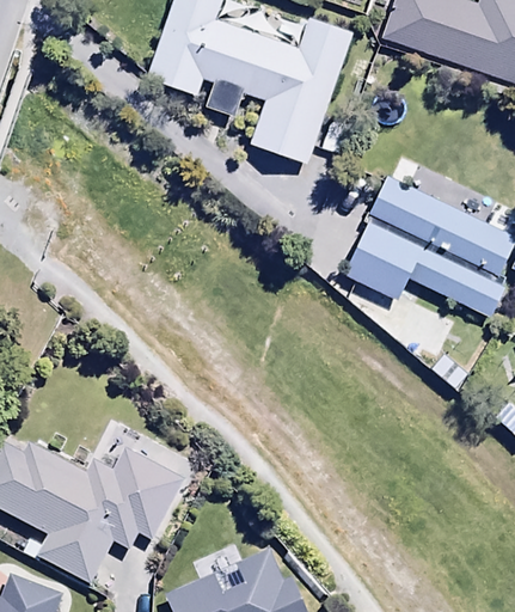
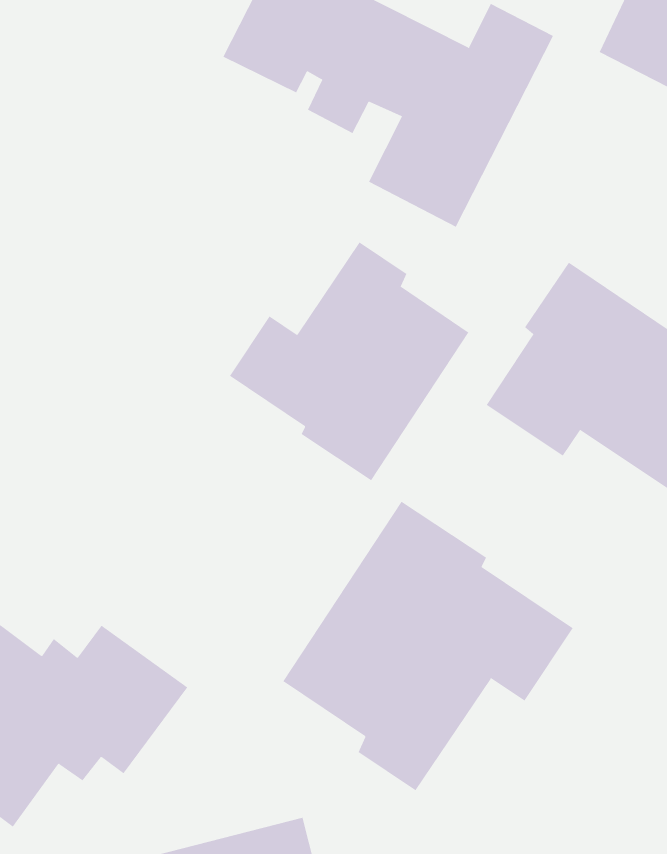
building: none -> [229,241,469,481]
building: none -> [282,501,574,791]

